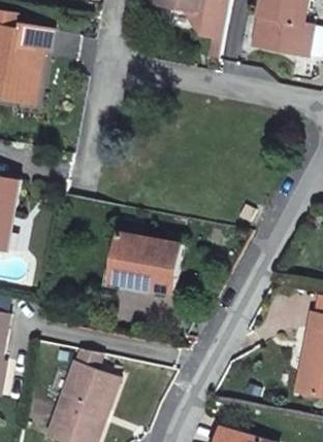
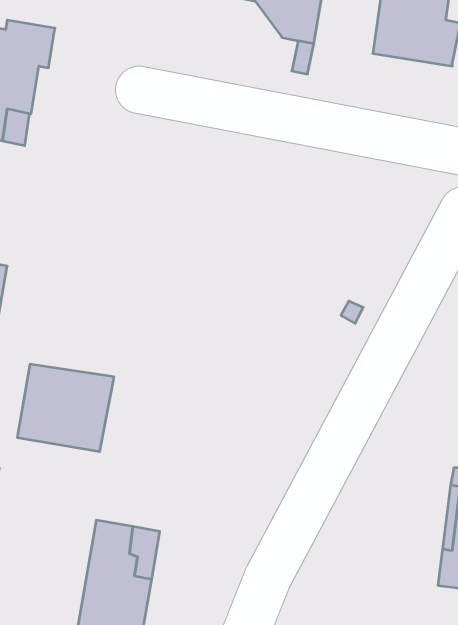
building: [114,234,176,291] -> [17,364,114,452]

